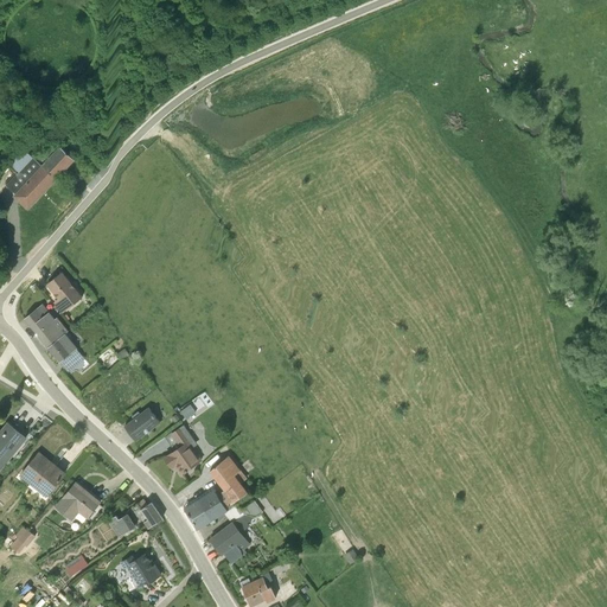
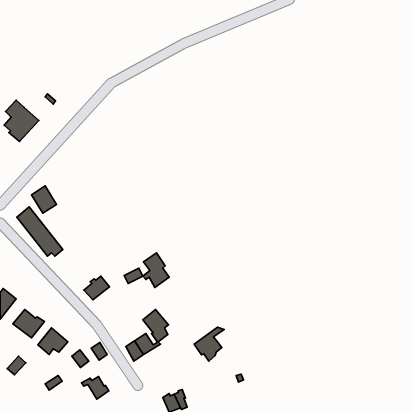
building: [36,145,74,177] -> none
building: [164,423,203,474] -> [143,253,169,288]
building: [210,513,254,563] -> [194,327,224,361]

